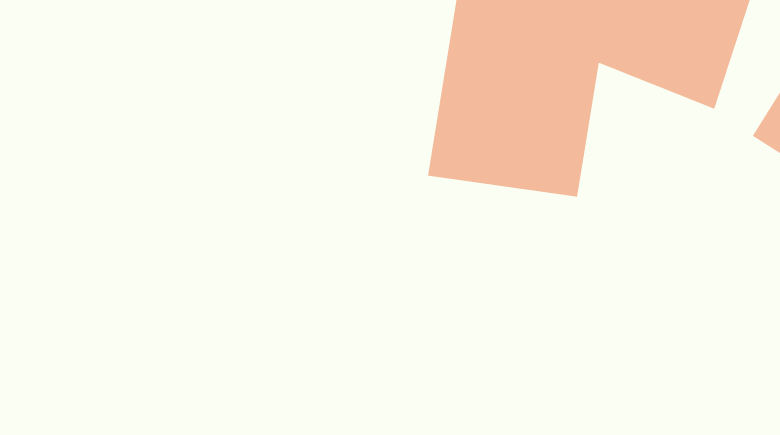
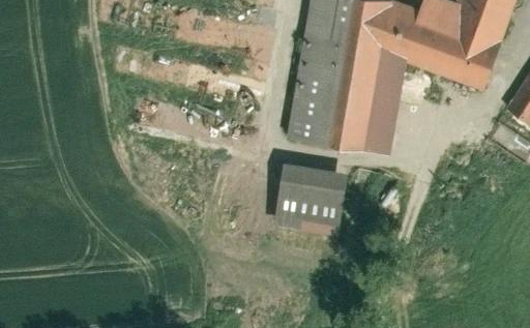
building: none -> [276,165,346,232]

